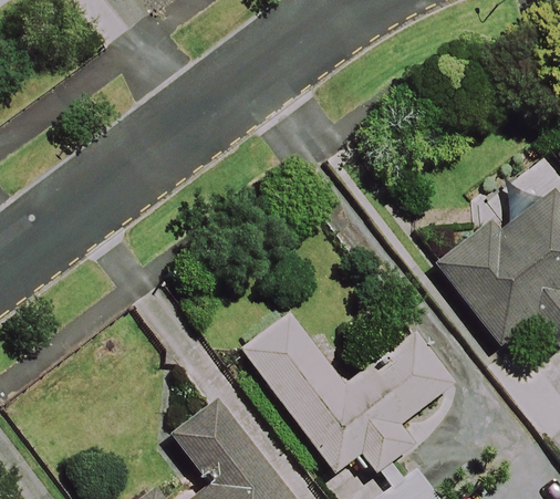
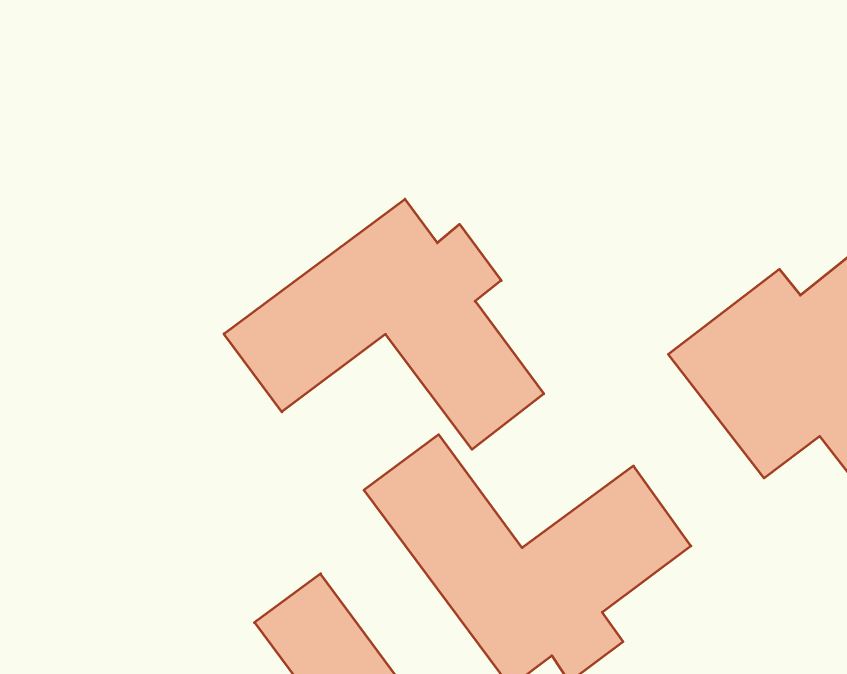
building: none -> [224,199,544,449]

